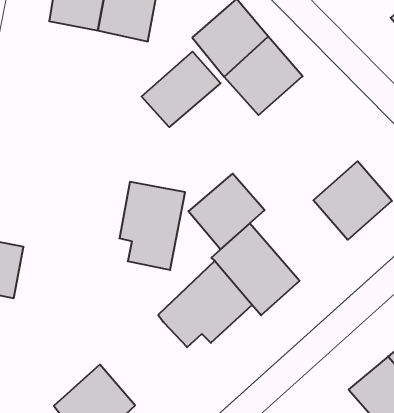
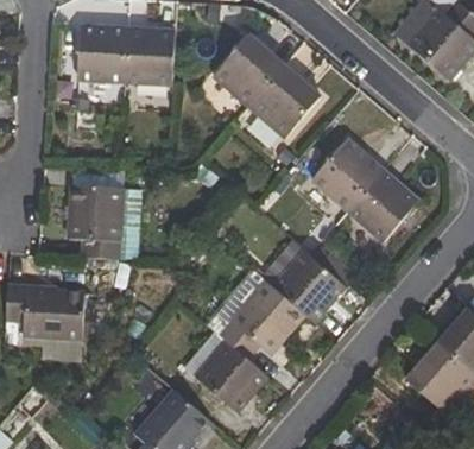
building: [142,52,221,127] -> none
building: [188,174,265,249] -> [311,139,381,210]
building: [119,182,185,270] -> [68,184,122,260]
building: none -> [194,342,266,413]

